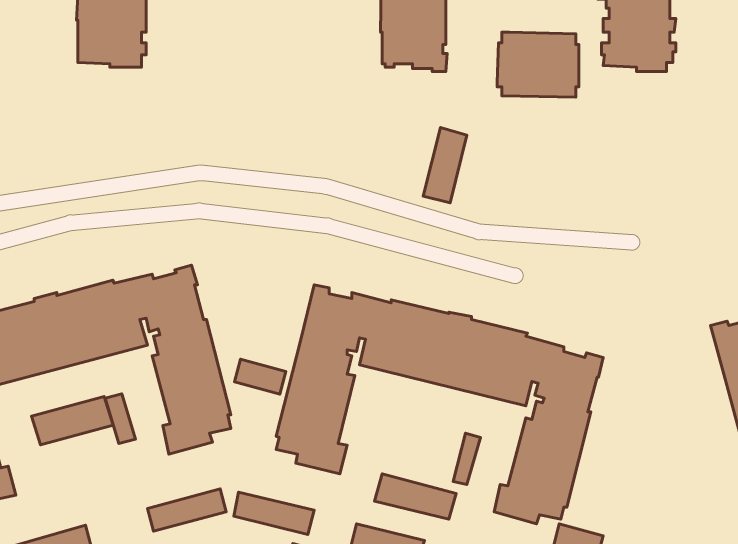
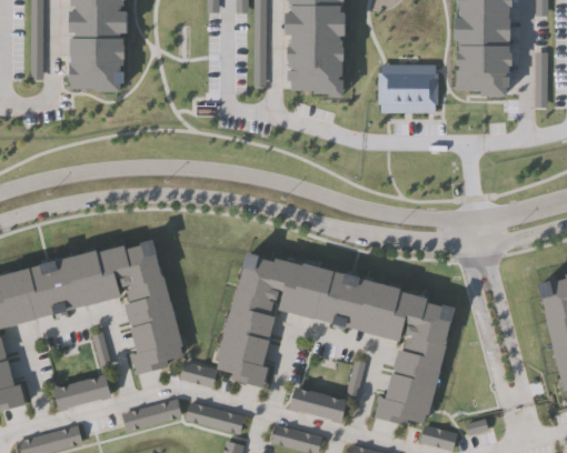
building: [423,128,467,203] -> none
building: [234,359,286,394] -> [179,362,217,387]
building: [32,396,113,445] -> [50,376,110,412]

